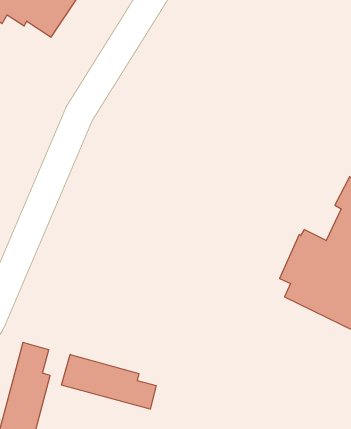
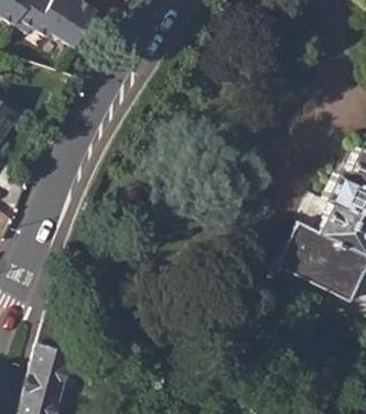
building: [61,354,156,409] -> none

